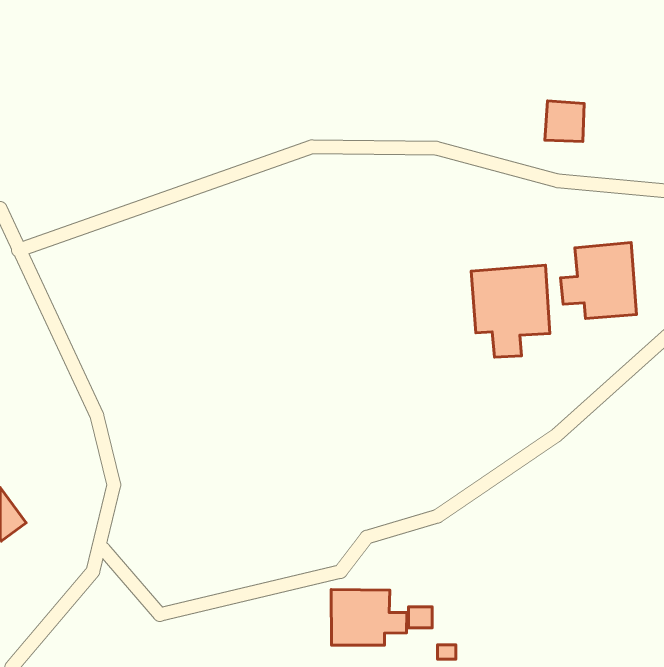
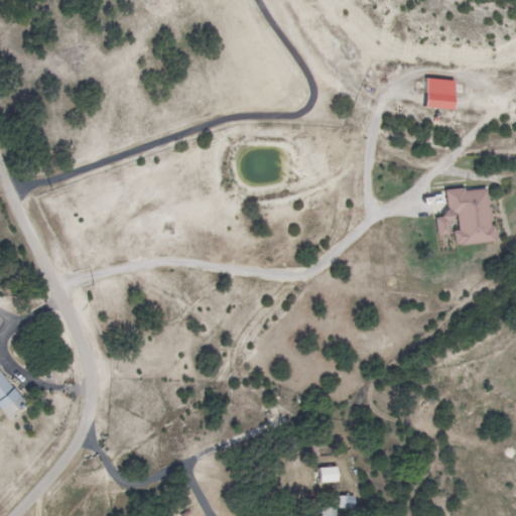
building: [471,265,550,357] -> none
building: [331,589,407,645] -> none

